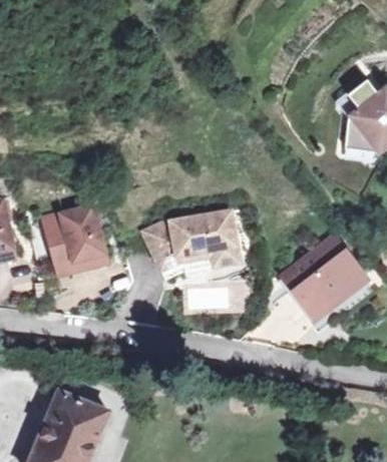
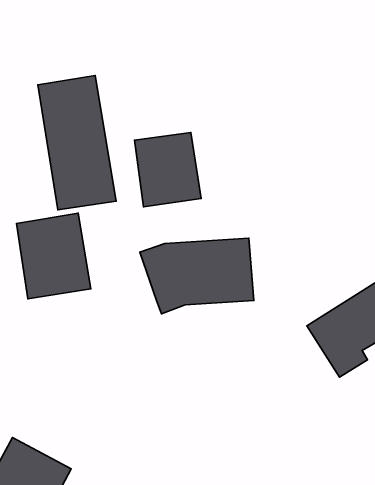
building: none -> [38,76,116,210]
building: none -> [134,132,201,207]

